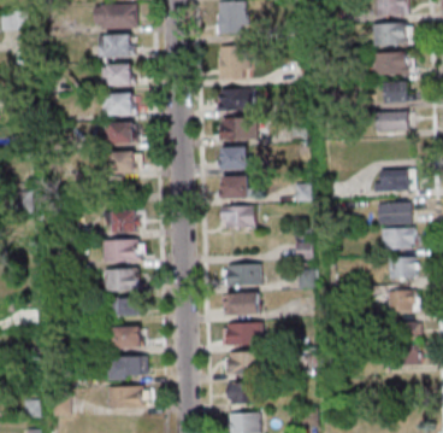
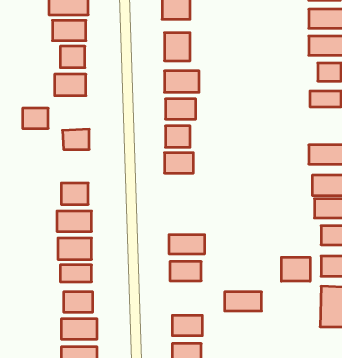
building: [107,123,135,145] -> [23,108,48,128]
building: [220,206,256,227] -> none
building: none -> [281,257,310,281]
building: [224,323,264,344] -> [225,292,262,311]

